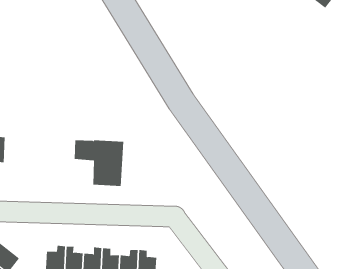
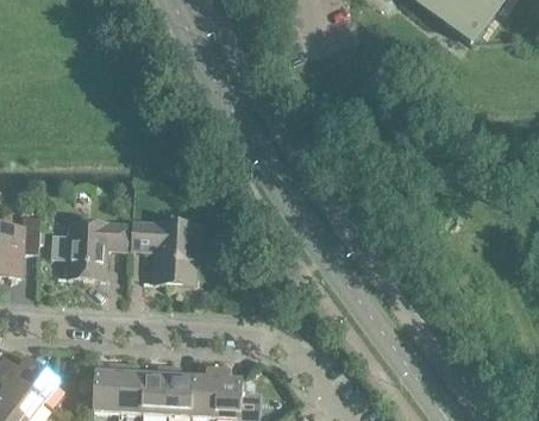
building: none -> [49,220,126,278]

